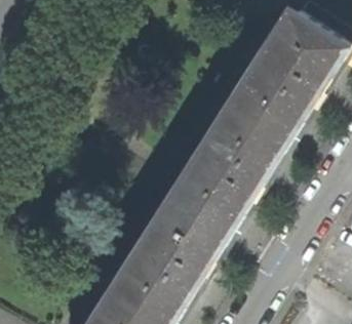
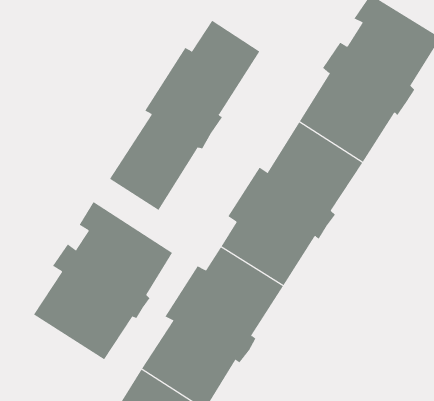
building: none -> [109,20,260,211]
building: none -> [33,201,173,360]

